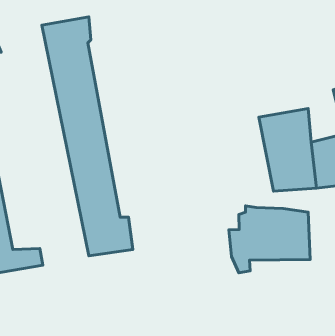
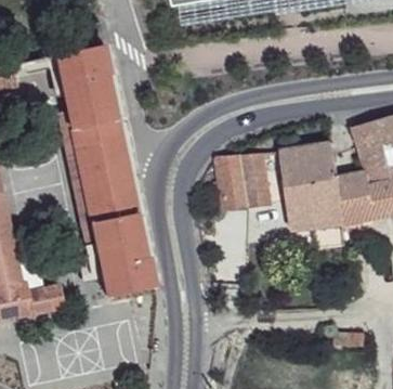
building: none -> [215,153,274,209]
building: [229,206,310,273] -> none

